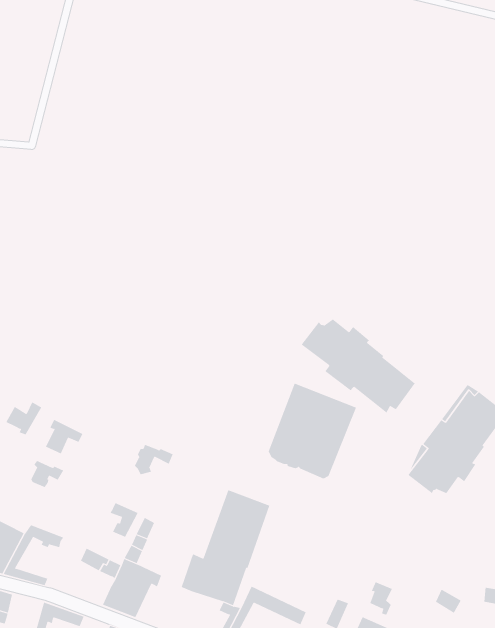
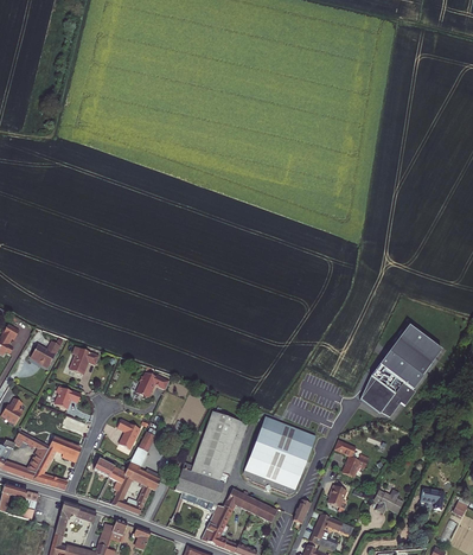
building: [301,318,416,414] -> none
building: [268,383,357,479] -> [244,416,317,495]
building: none -> [334,440,370,477]

